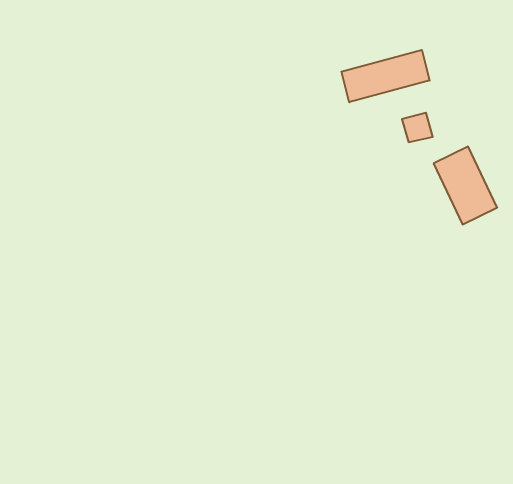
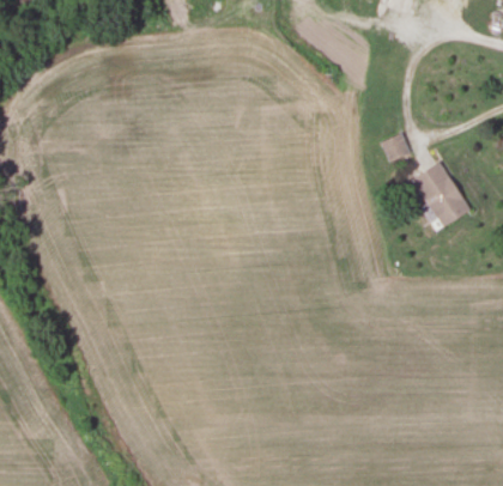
building: [341,50,430,102] -> none

